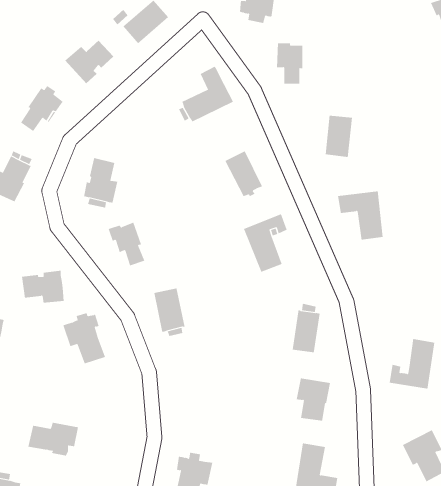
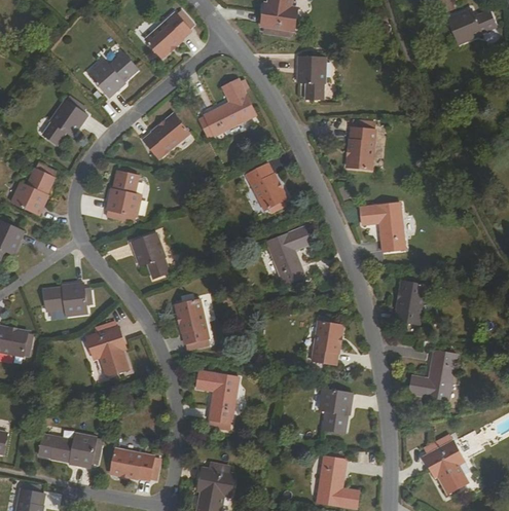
building: none -> [142,113,187,156]
building: none -> [395,280,426,324]
building: none -> [195,371,239,430]
building: none -> [110,448,153,479]

